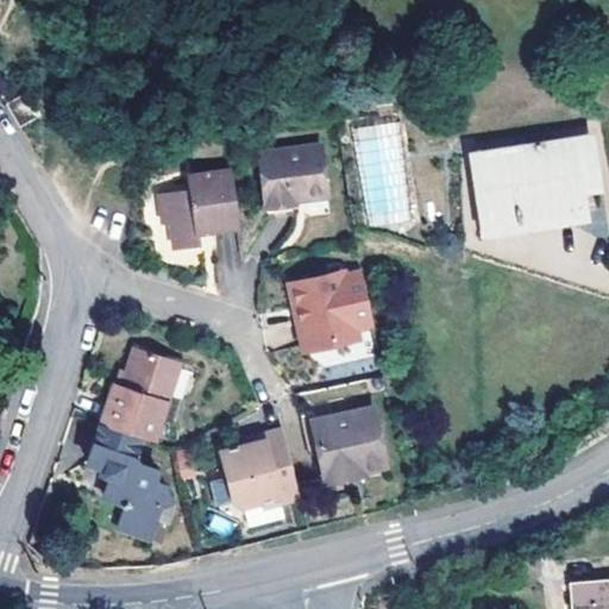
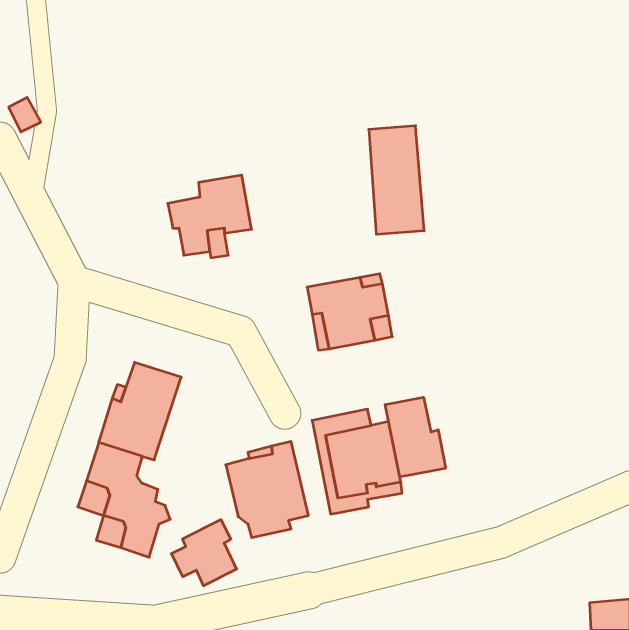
building: [476,138,596,224] -> none
building: [260,145,328,209] -> none
building: none -> [385,397,445,477]
building: none -> [171,520,237,586]

